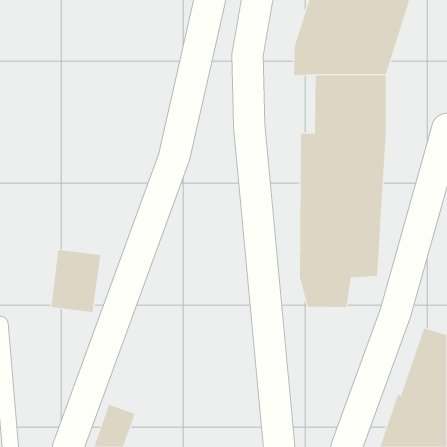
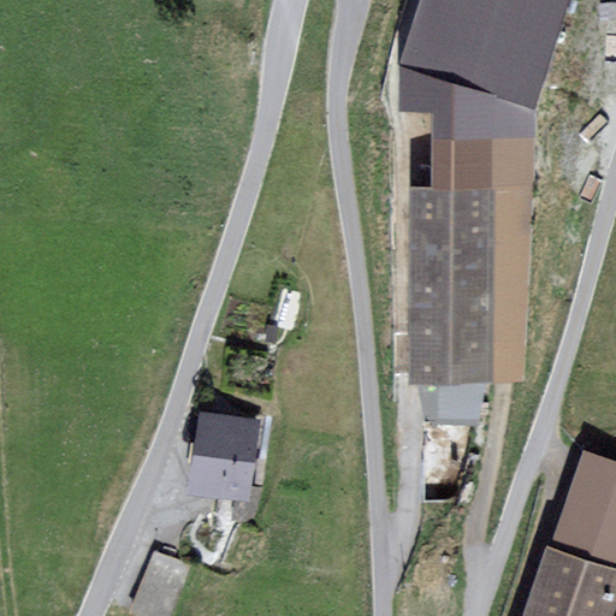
building: [50,249,101,313] -> [189,414,259,500]

